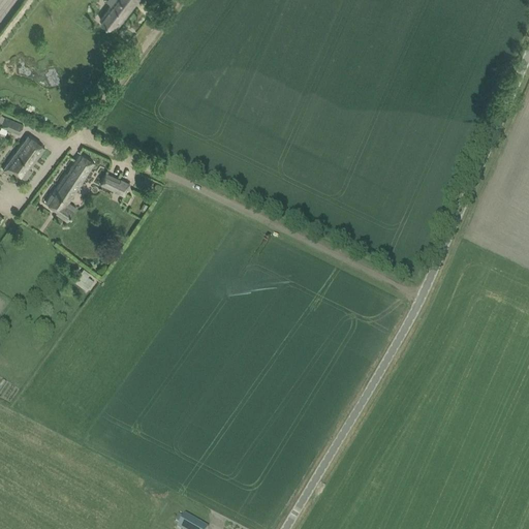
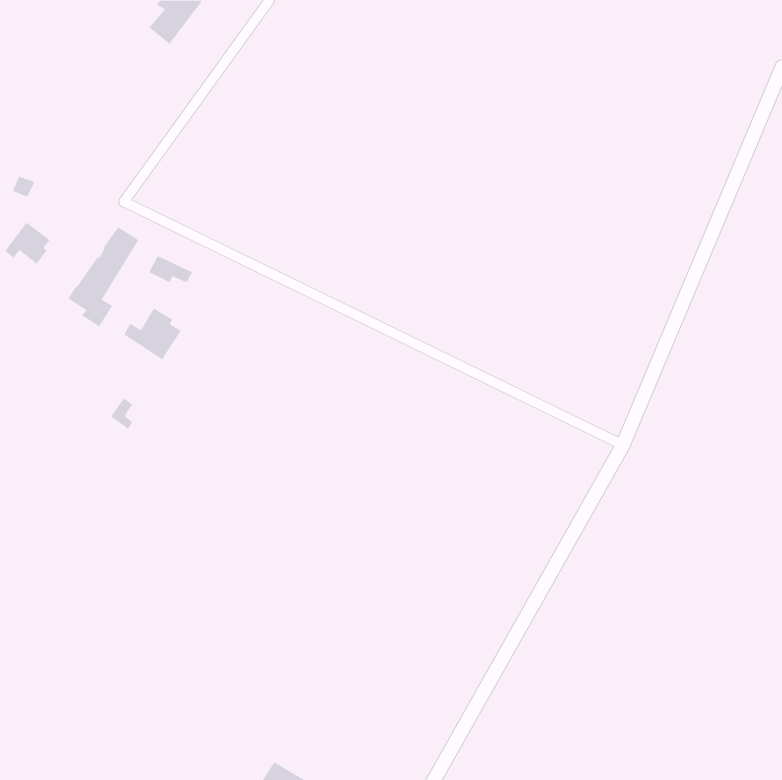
building: [18,135,44,163] -> none
building: none -> [123,307,182,360]

